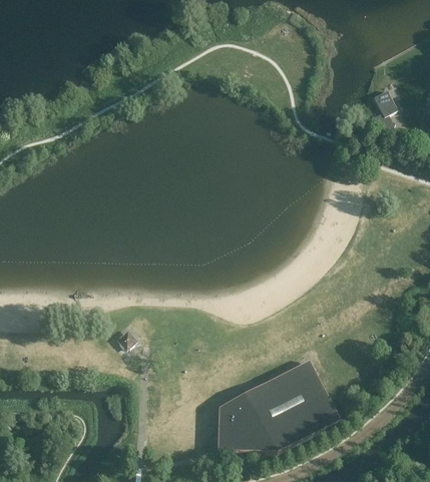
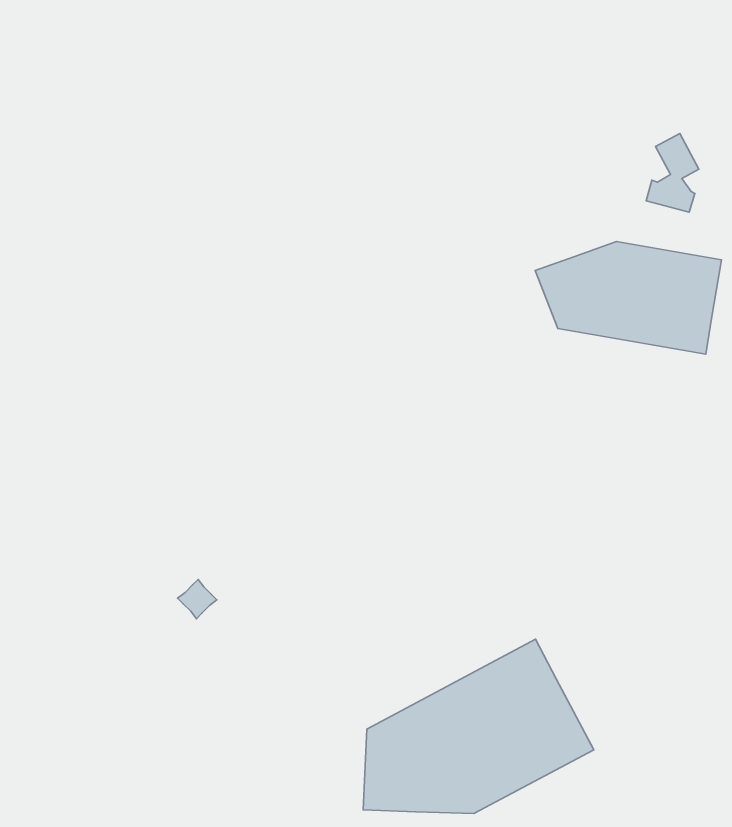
building: none -> [535,242,722,354]

